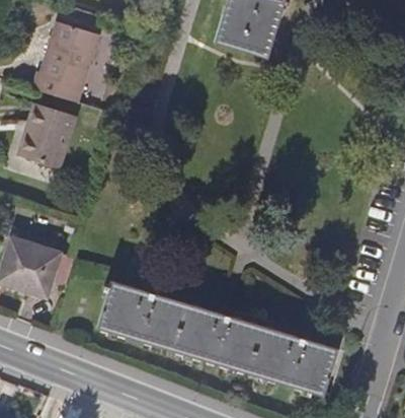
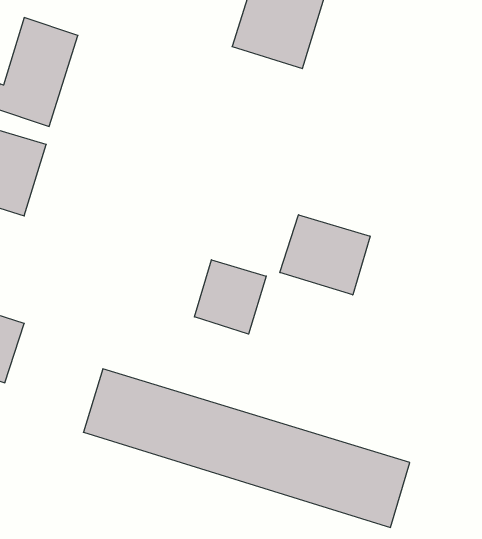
building: none -> [280,215,370,295]
building: none -> [194,260,266,334]

